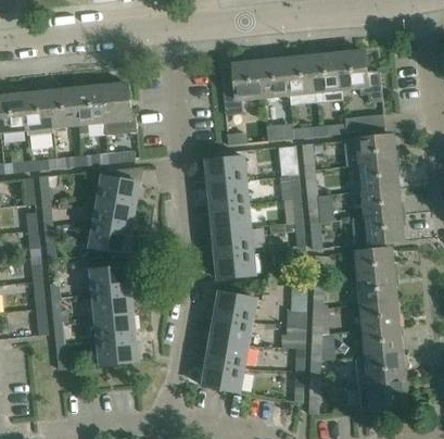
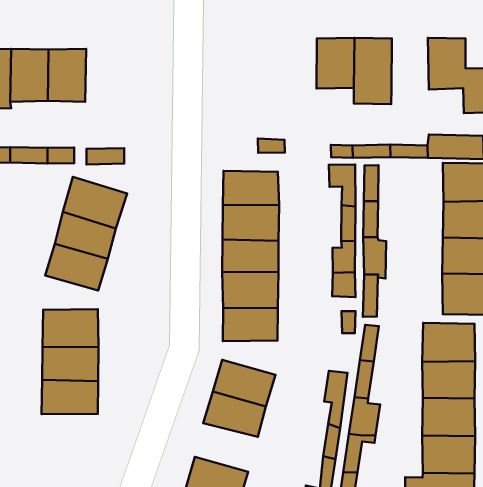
building: [313,51,342,89] -> none
building: [221,60,264,113] -> none
building: [101,81,137,134] -> none
building: [206,336,249,366] -> none
building: [97,337,138,363] -> none

